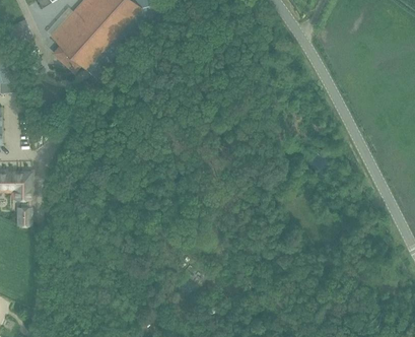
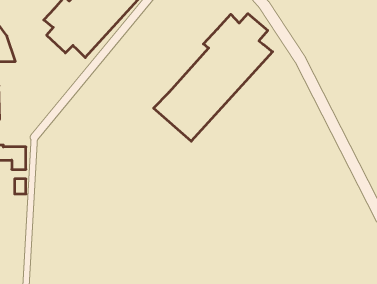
building: none -> [154,14,273,141]

